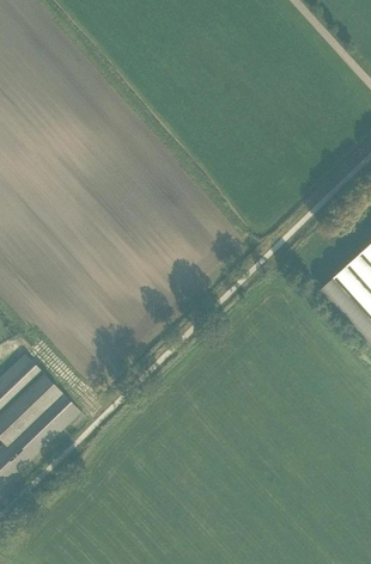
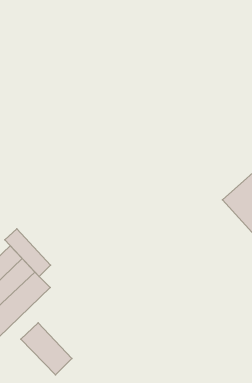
building: none -> [5,229,50,277]
building: none -> [21,323,72,375]

